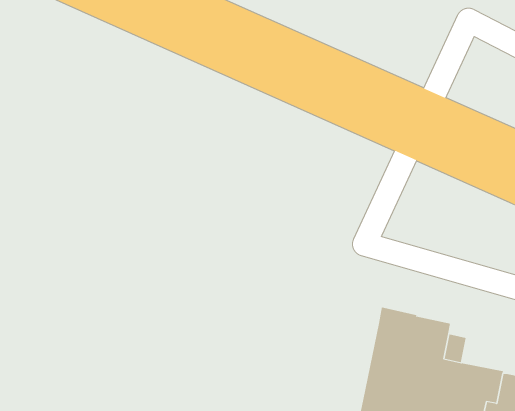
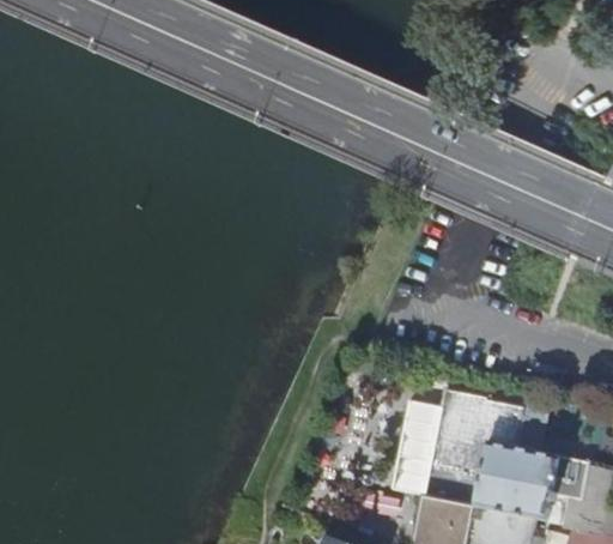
building: none -> [393,403,444,496]

